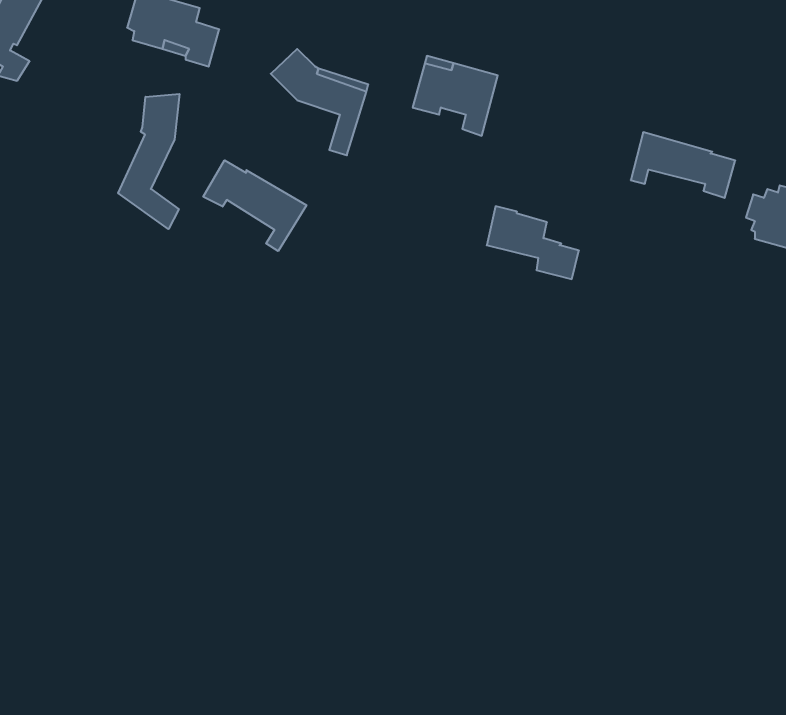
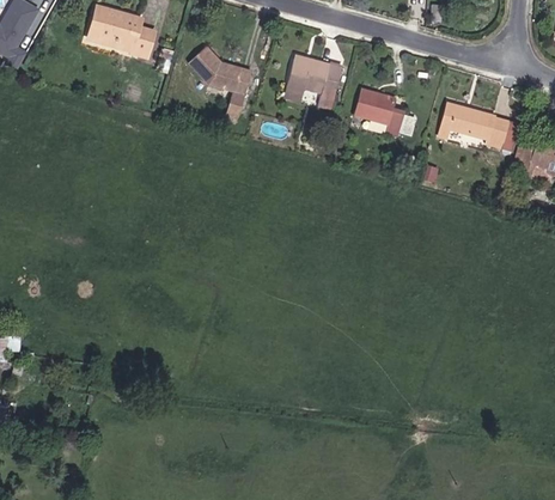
building: [118,94,179,229] -> none
building: [203,160,306,251] -> none
building: [487,206,579,279] -> [352,89,414,138]

